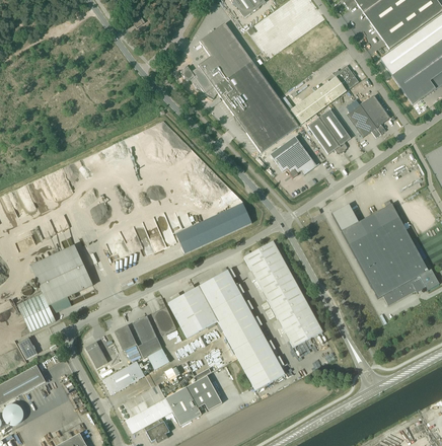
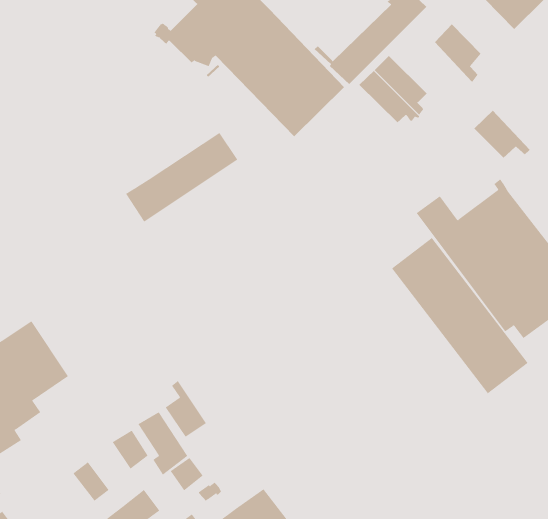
building: [346,104,380,137] -> [474,110,530,159]
building: [274,140,316,177] -> none
building: [175,203,251,253] -> [125,132,238,223]
building: [243,240,322,347] -> [391,237,528,394]
building: [167,270,285,389] -> none

